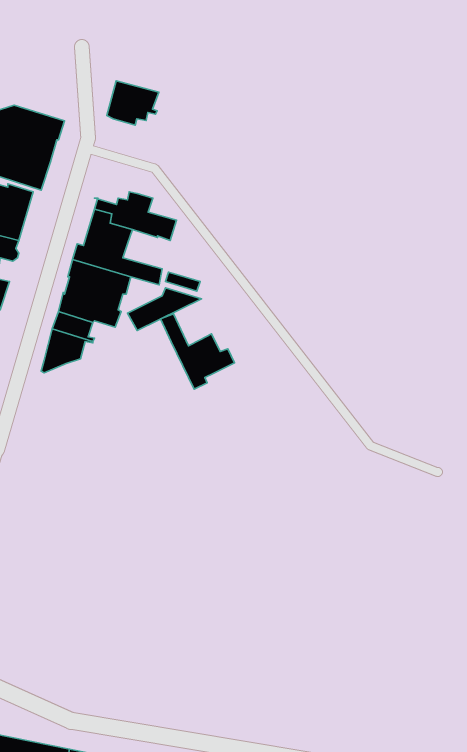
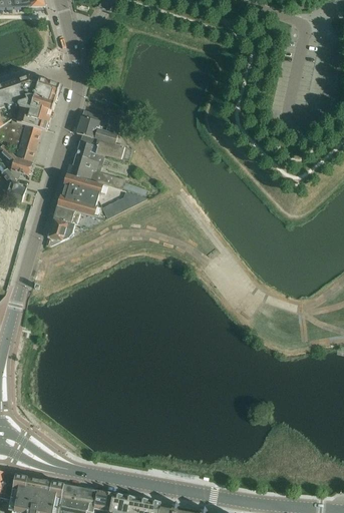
building: [107,81,159,125] -> [73,110,106,138]
building: [160,314,234,389] -> none

